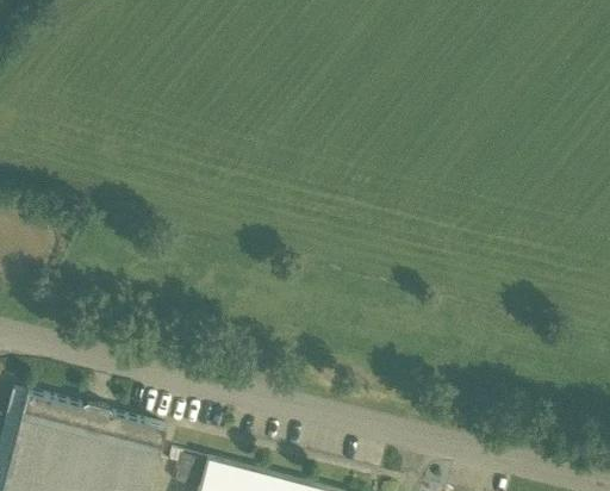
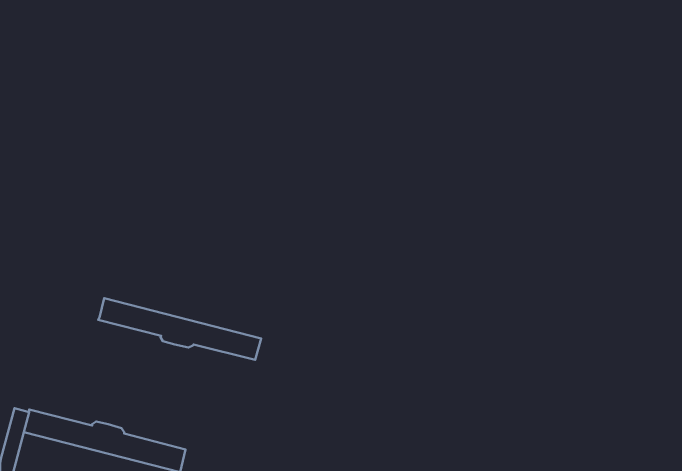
building: none -> [98,298,261,360]

